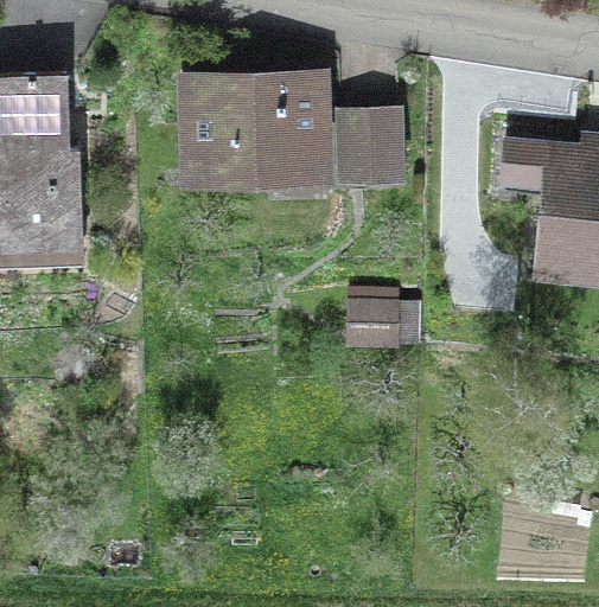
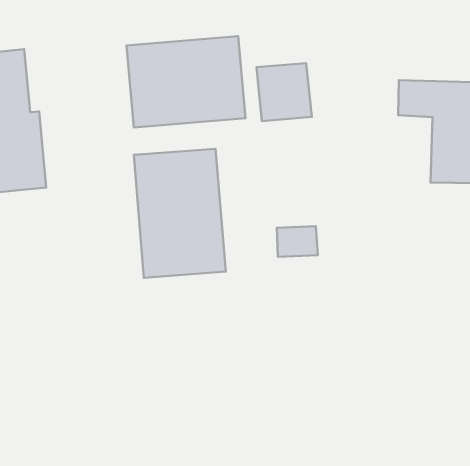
building: none -> [134,149,226,278]

